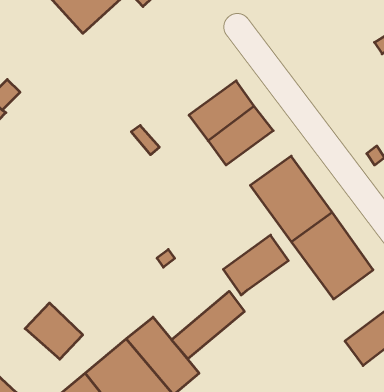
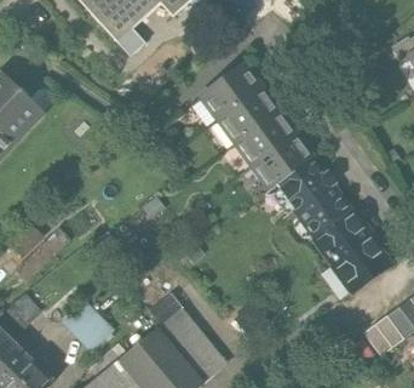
building: none -> [200,61,261,116]
building: [223,235,288,295] -> [252,131,314,188]
building: [172,291,244,359] -> none

